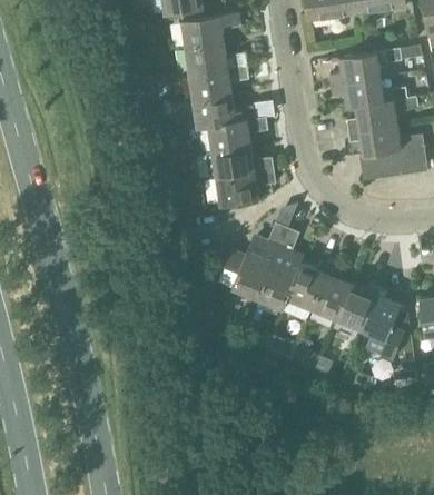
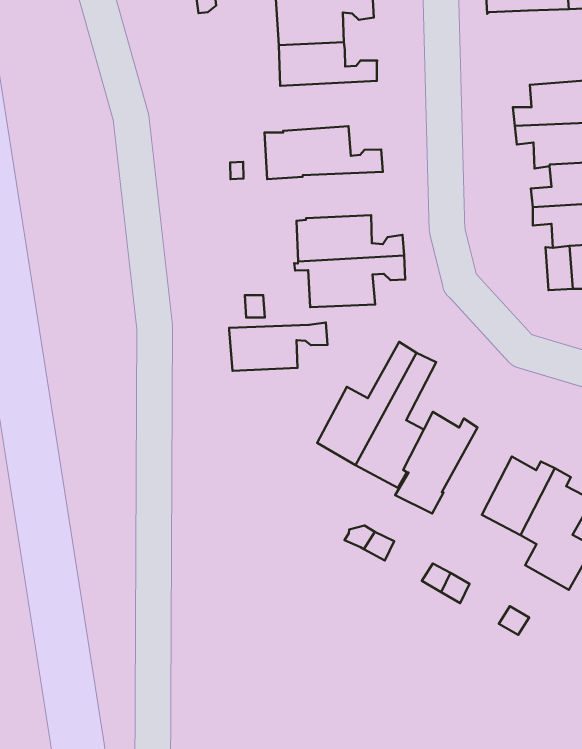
building: [188,66,248,101] -> none
building: [207,118,267,152] -> [229,323,327,371]
building: [309,268,349,320] -> none

